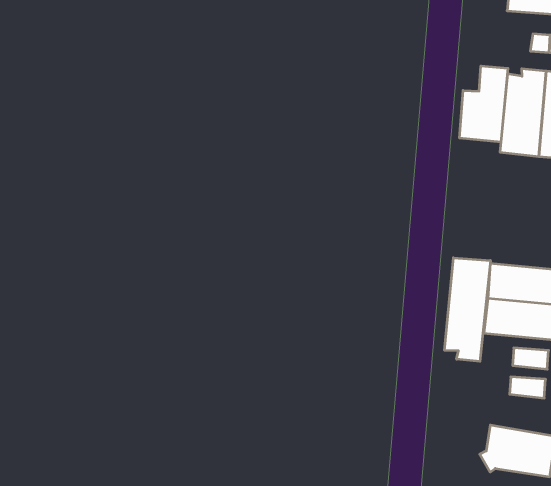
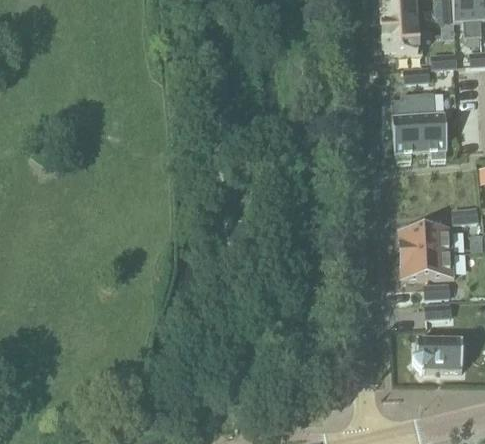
building: [460,66,508,142] -> none
building: [445,258,490,361] -> none

